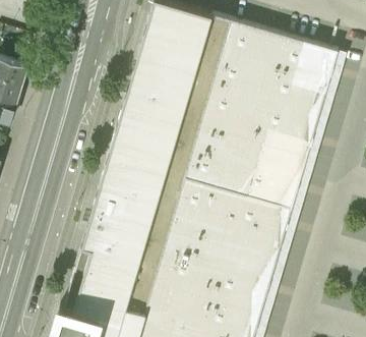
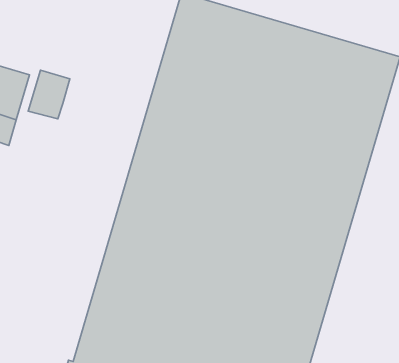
building: none -> [28,70,70,119]

